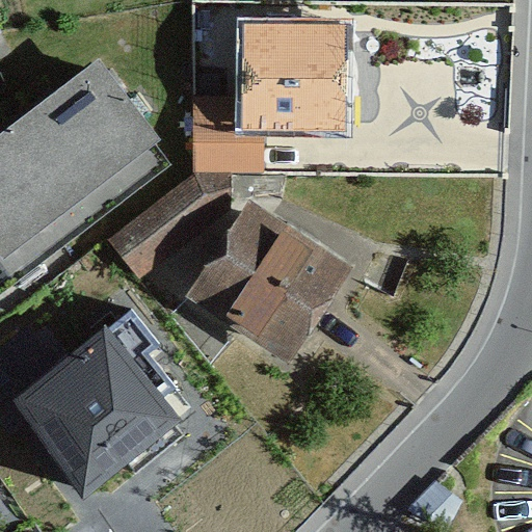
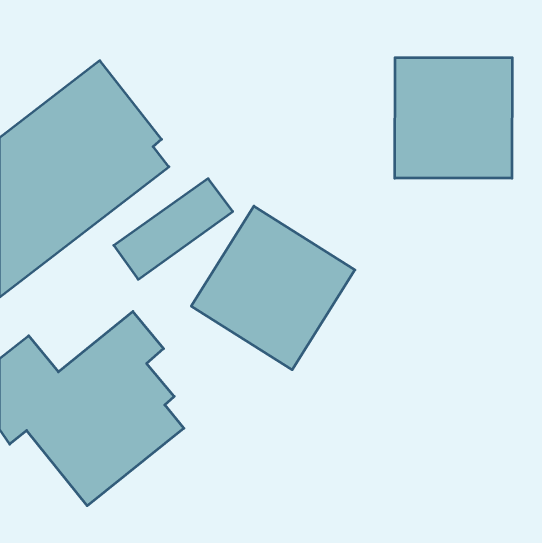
building: [192,25,343,172] -> none
building: none -> [395,58,512,178]

